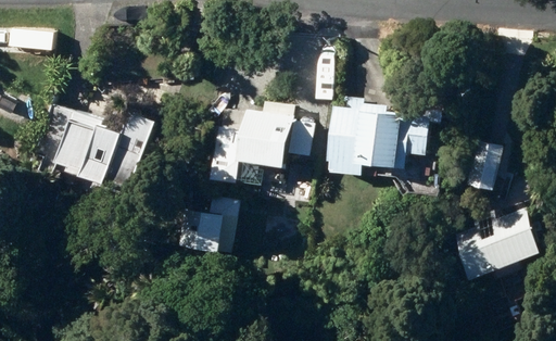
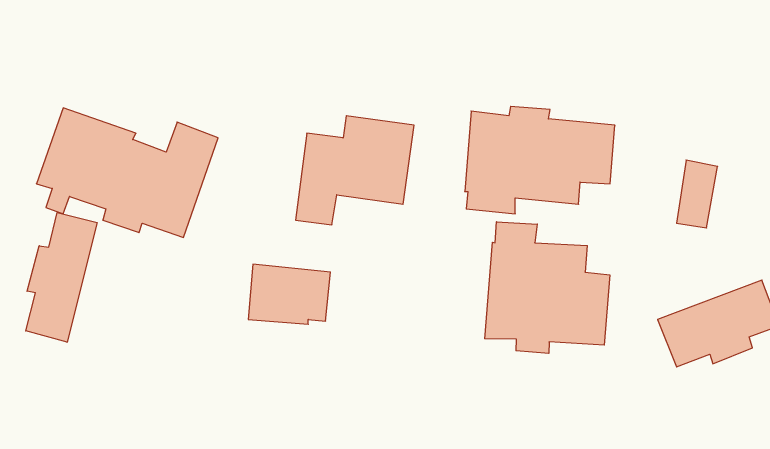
building: none -> [26,213,97,342]
building: none -> [485,222,610,353]

